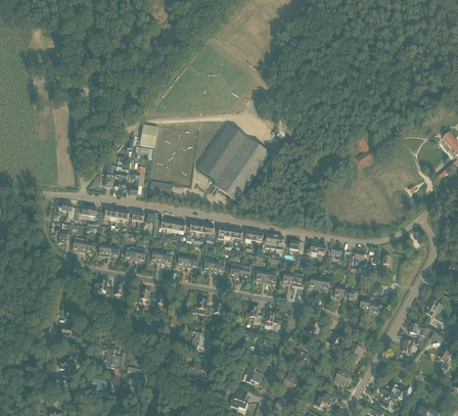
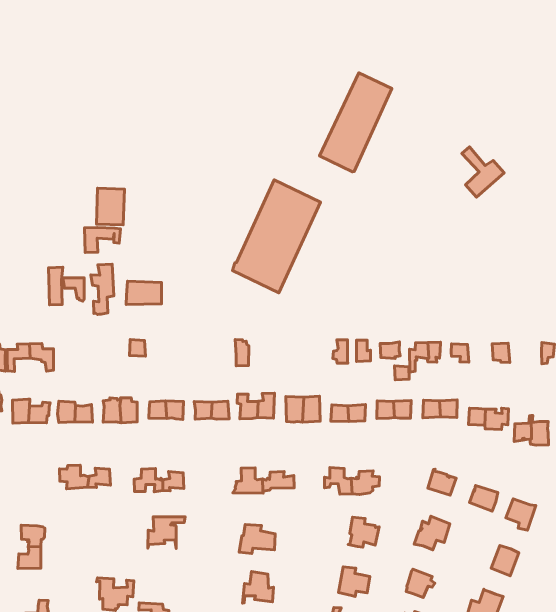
building: [197,123,245,179] -> [320,73,392,172]

